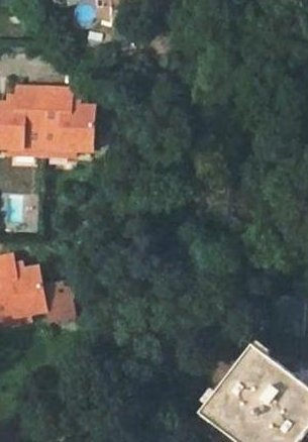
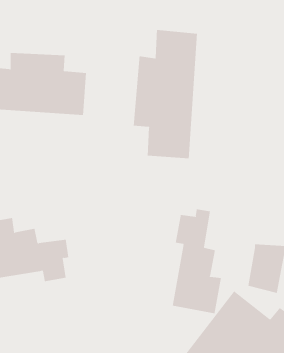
building: none -> [133,29,198,159]
building: none -> [172,209,222,314]

